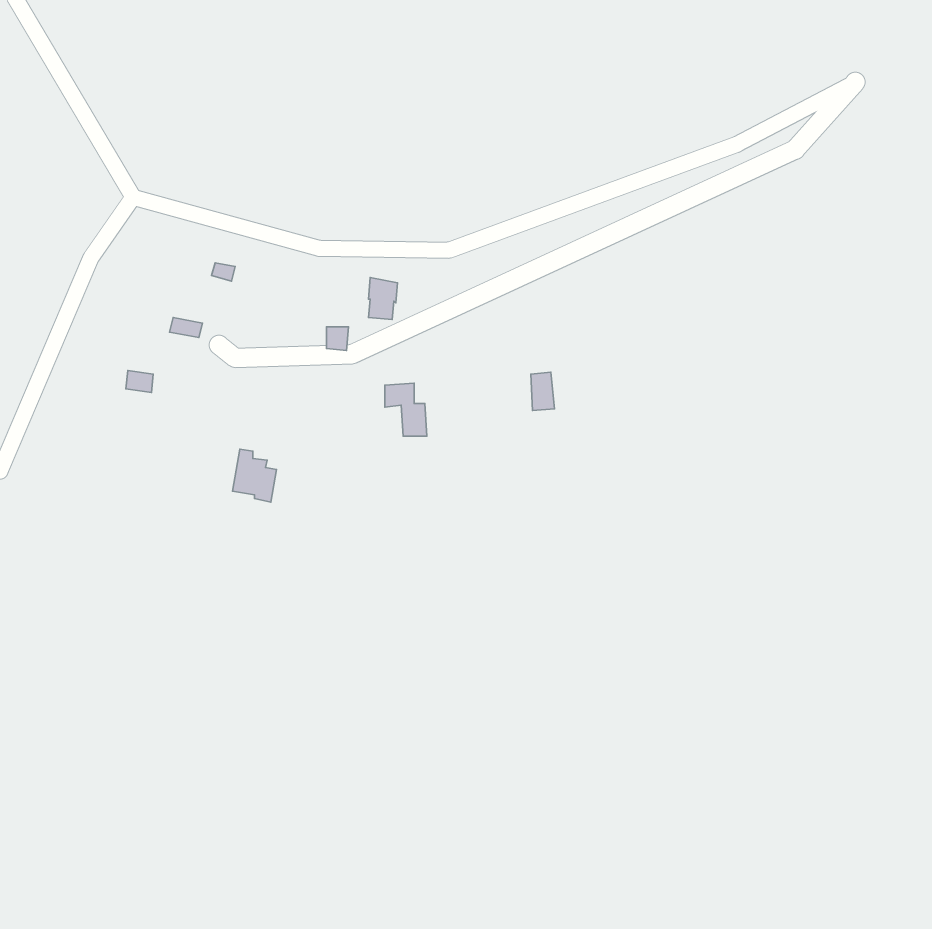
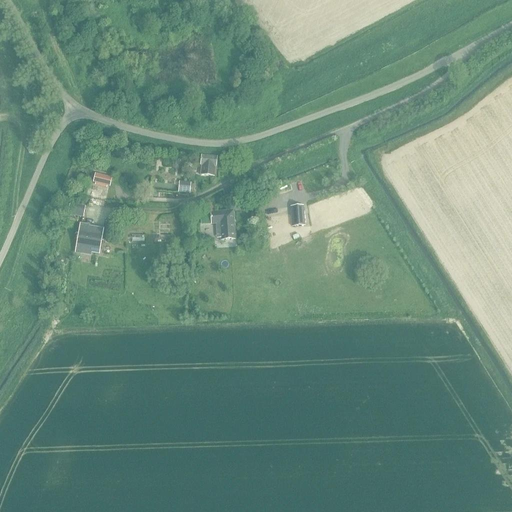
building: [233,449,276,502] -> [77,223,101,252]

